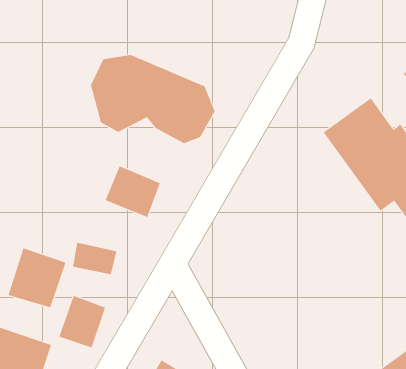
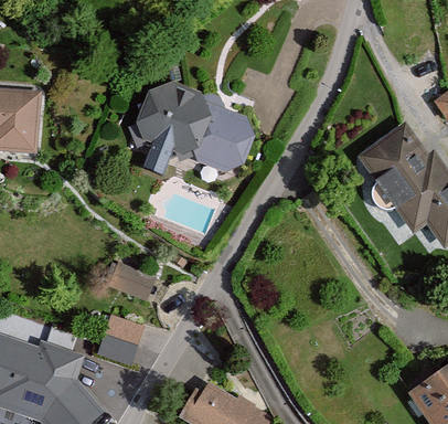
building: [105,166,161,218] -> none
building: [8,248,66,308] -> none

